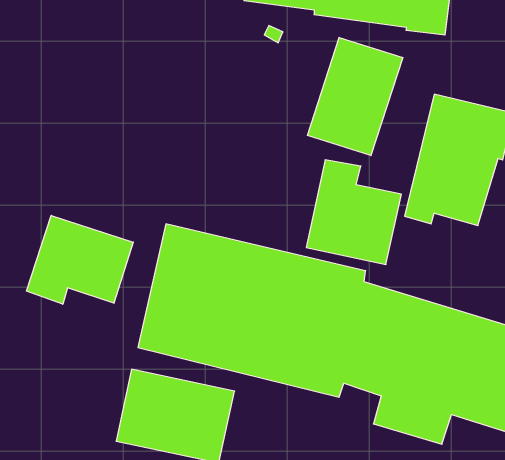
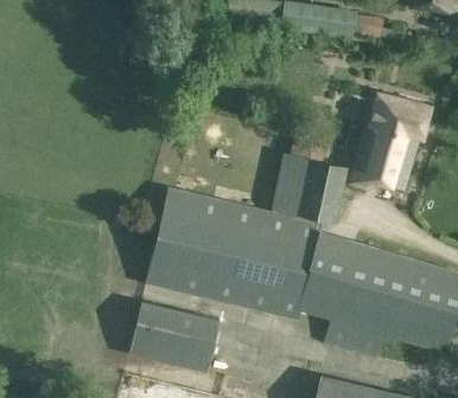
building: [307,37,403,156] -> none
building: [27,215,133,304] -> none

